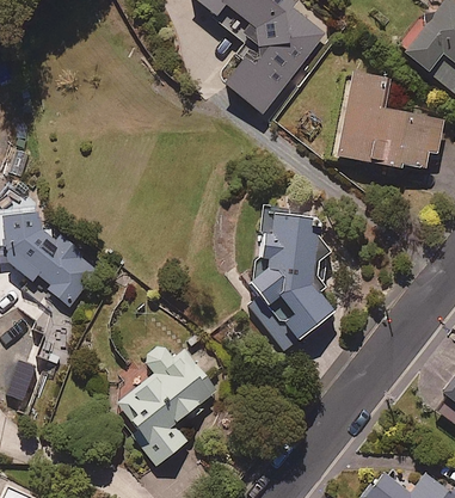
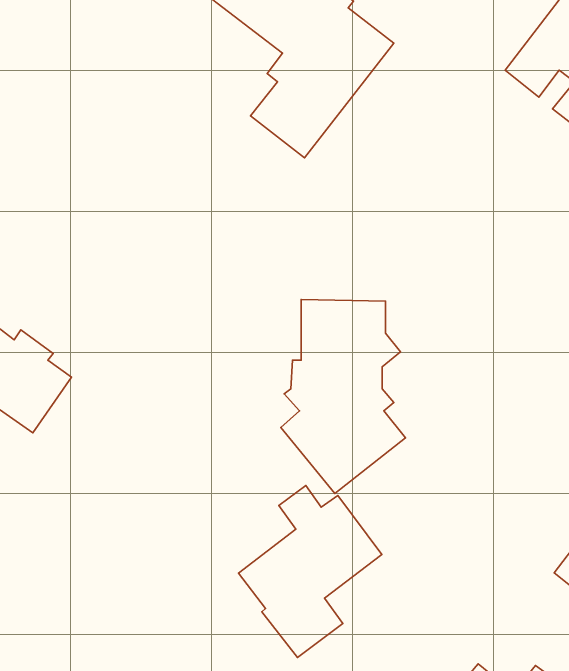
building: [337,73,444,171] -> none
building: [115,343,216,465] -> [238,485,382,657]

